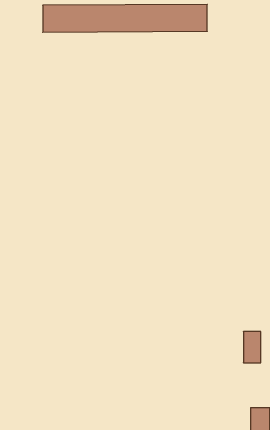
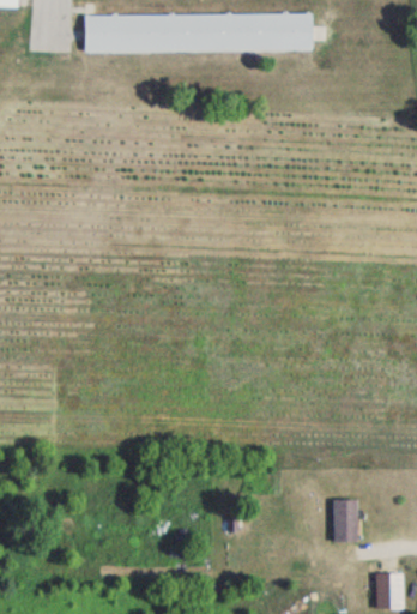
building: [243,332,261,363] -> [332,496,356,540]

